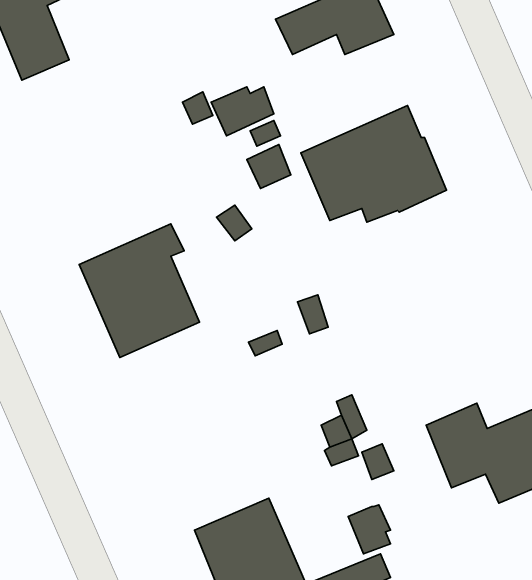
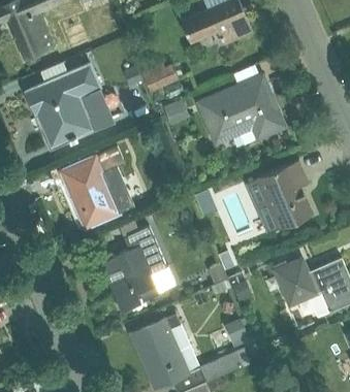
building: none -> [26,63,114,146]
building: none -> [256,160,312,229]
building: none -> [99,227,174,311]

